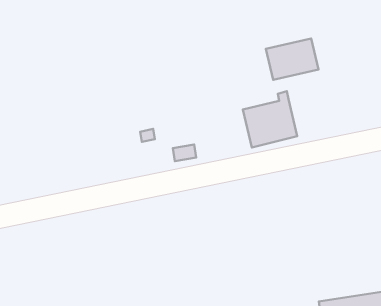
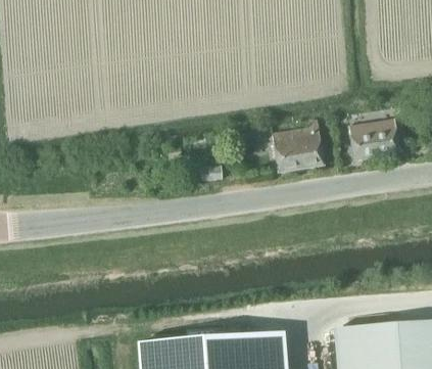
building: [266,38,318,80] -> [349,121,400,159]

